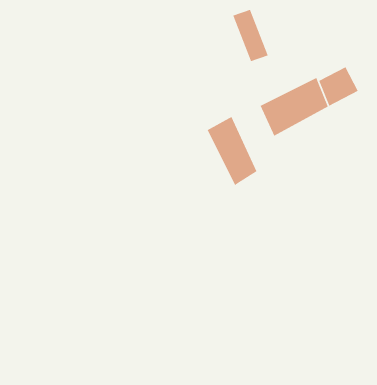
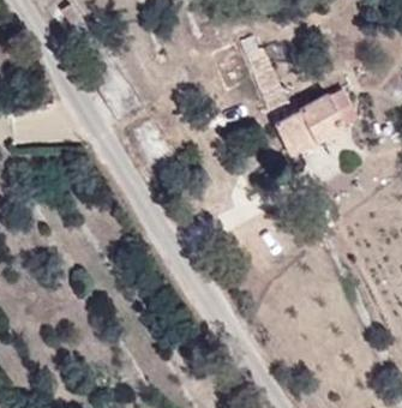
building: [207,116,258,186] -> none

